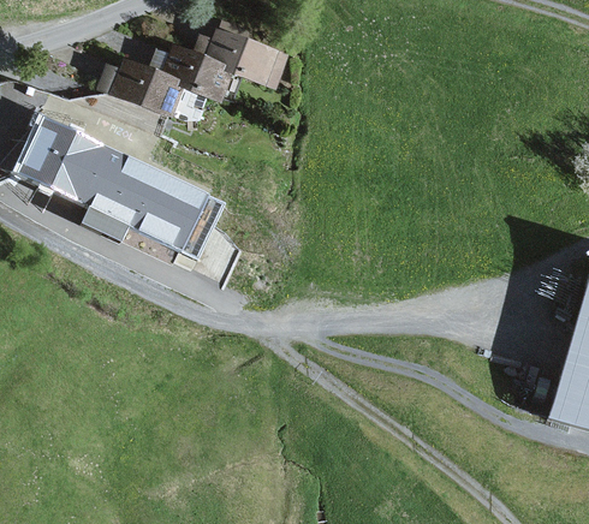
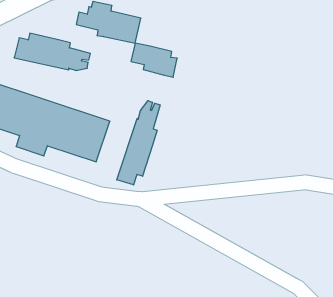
building: [162,44,232,102] -> [131,43,177,77]
building: none -> [117,101,160,185]

